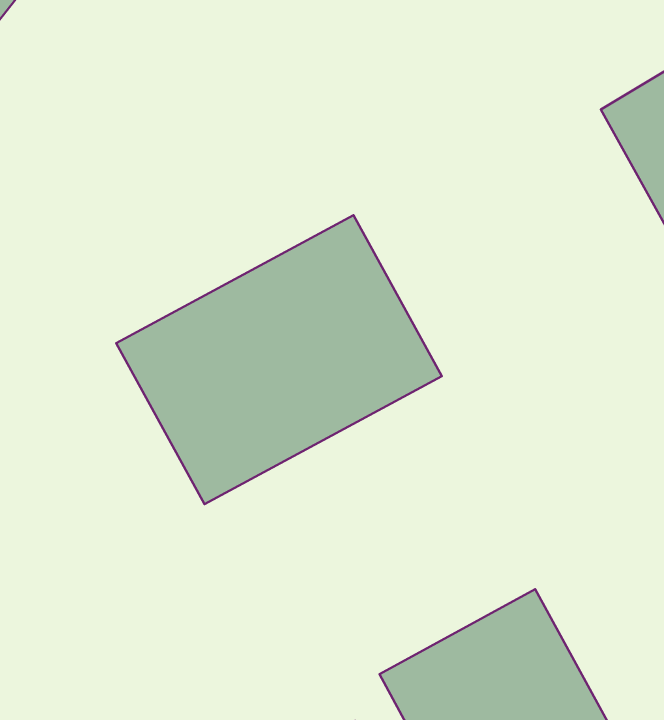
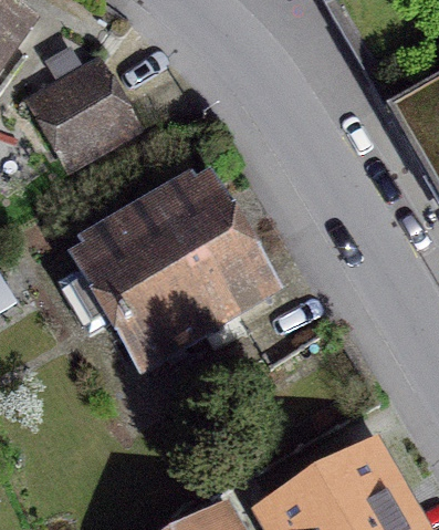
building: none -> [31,66,133,169]

